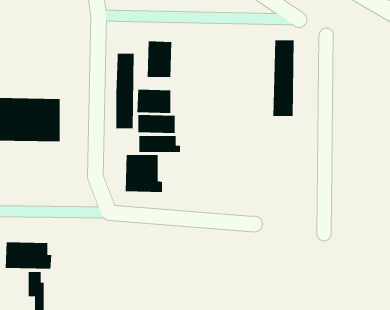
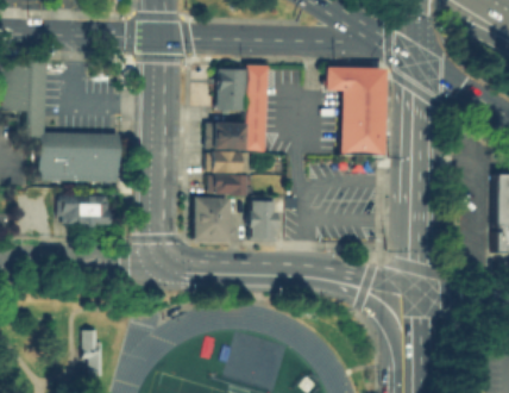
building: none -> [327,66,363,154]
building: [116,53,135,129] -> [246,64,268,150]
building: none -> [250,200,279,238]
building: [5,242,52,269] -> [59,194,113,225]

